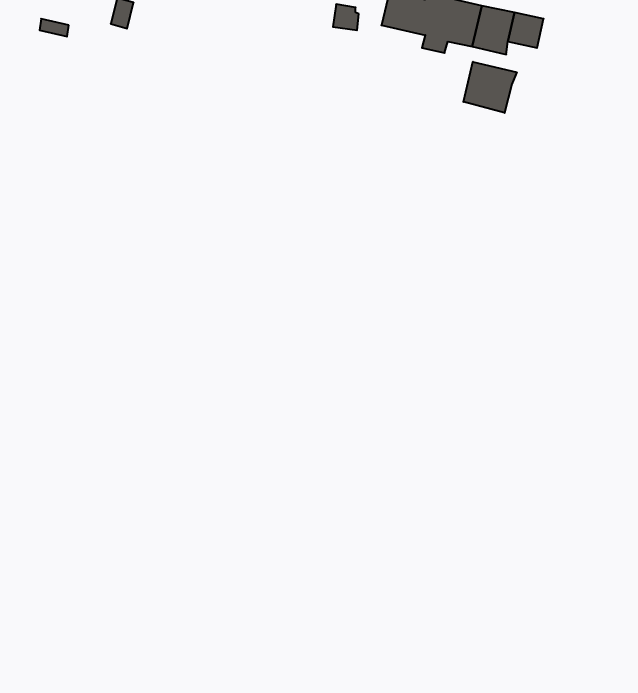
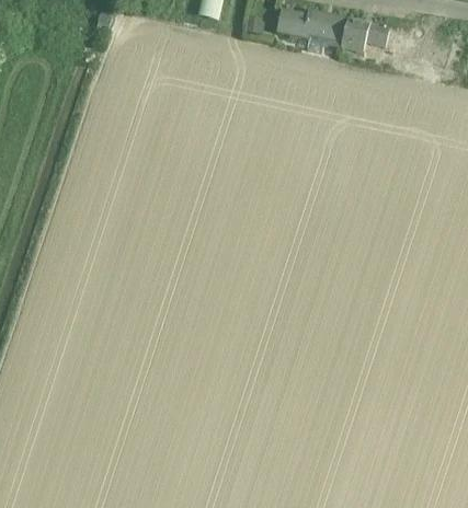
building: [463,62,517,113] -> none

